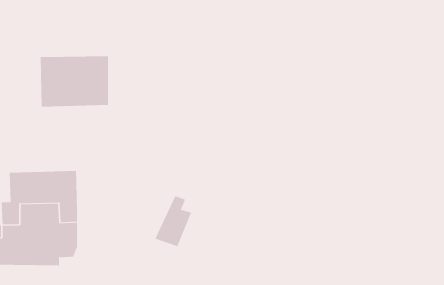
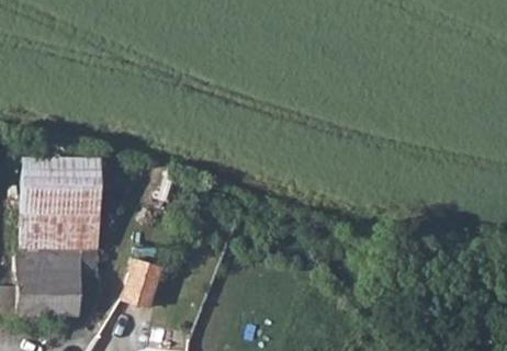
building: [40,56,109,107] -> [21,156,97,212]
building: [155,196,192,247] -> [123,250,164,306]

